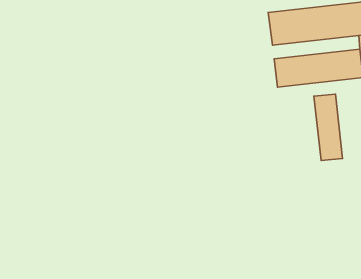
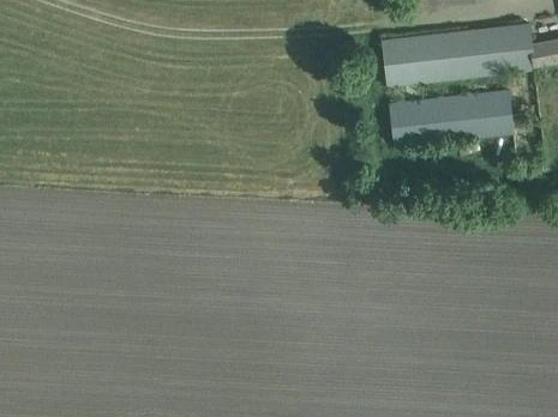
building: [314,94,342,161] -> none

